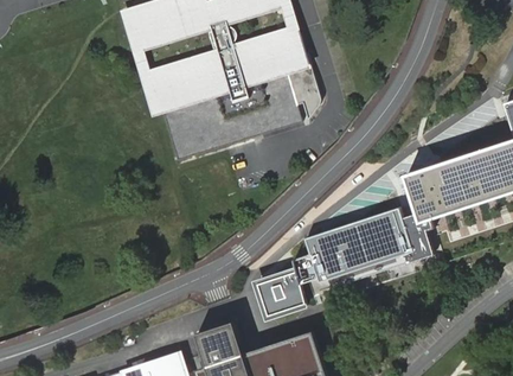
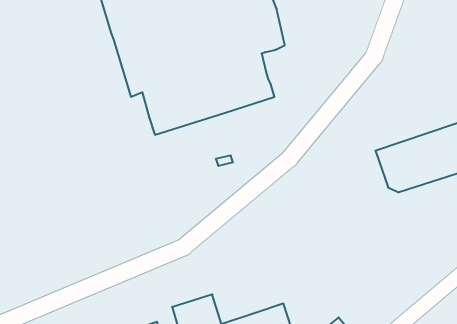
building: [258,206,432,316] -> none

